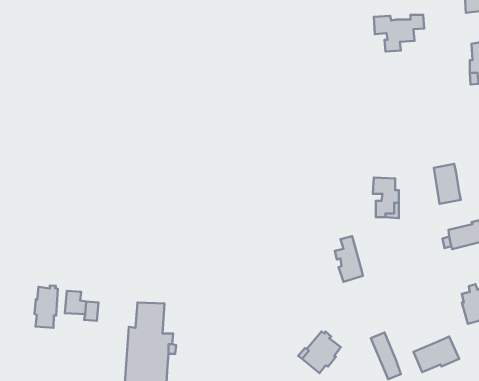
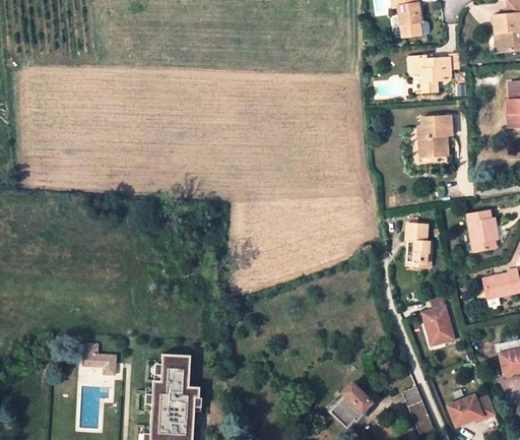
building: none -> [413,115,451,155]
building: [335,236,363,282] -> [426,296,455,343]
building: [35,285,58,328] -> none

